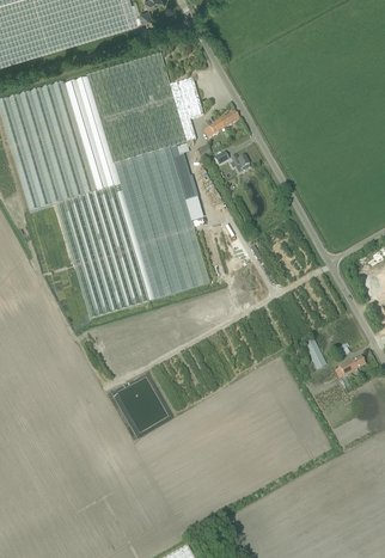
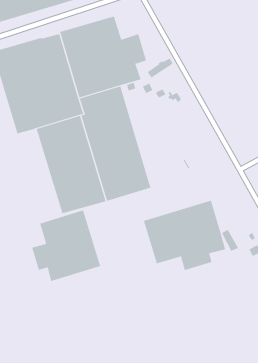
building: none -> [143,200,226,271]
building: none -> [32,209,101,282]

